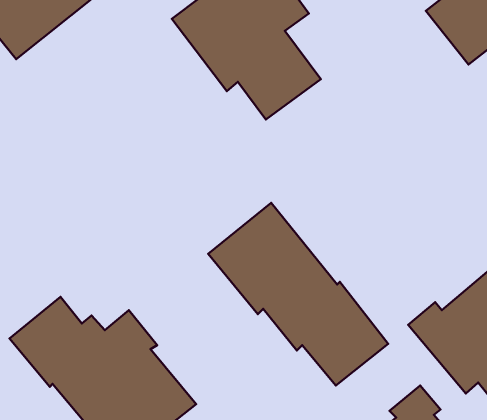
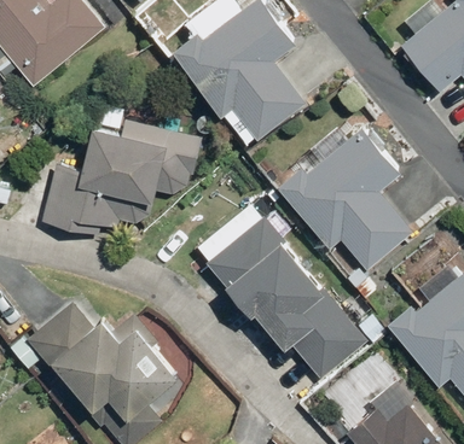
building: none -> [40,121,213,236]
building: none -> [277,127,412,271]

